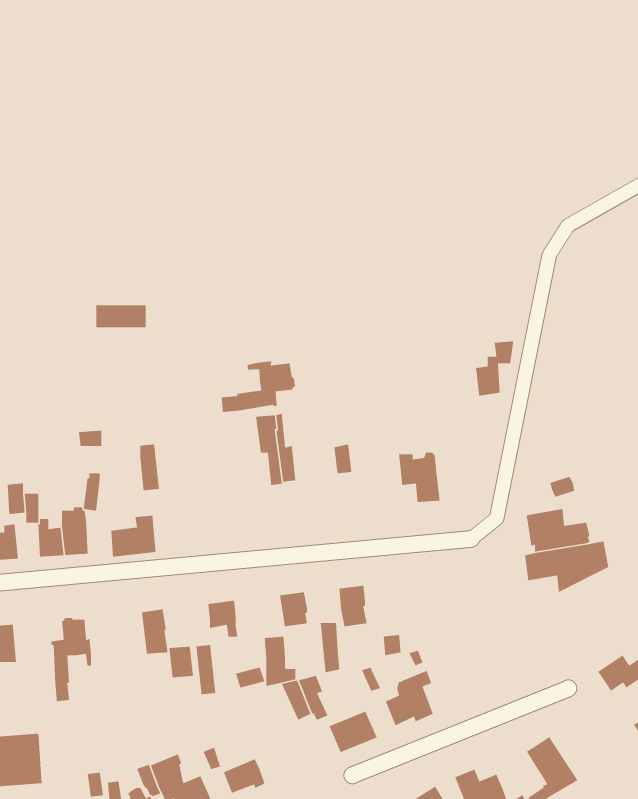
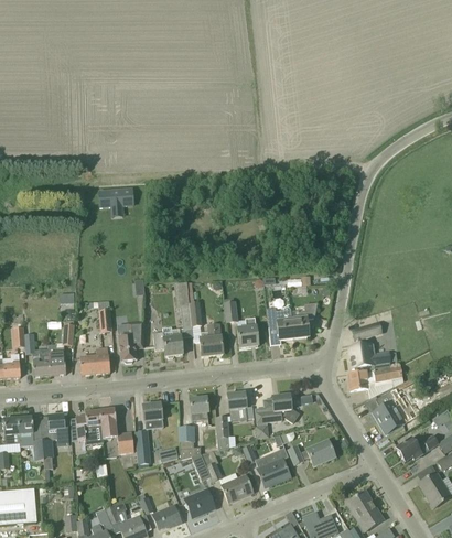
building: [96,304,147,328] -> [98,189,131,204]
building: [475,340,514,397] -> [291,302,316,338]
building: [221,360,296,413] -> none
building: none -> [236,318,257,347]
building: none -> [117,321,143,363]
building: none -> [198,322,223,356]
building: none -> [152,326,182,357]
building: none -> [373,387,403,434]
building: none -> [254,392,299,423]
building: none -> [75,410,103,444]
building: none -> [17,417,43,459]
building: none -> [288,440,334,465]
building: none -> [183,489,214,517]

